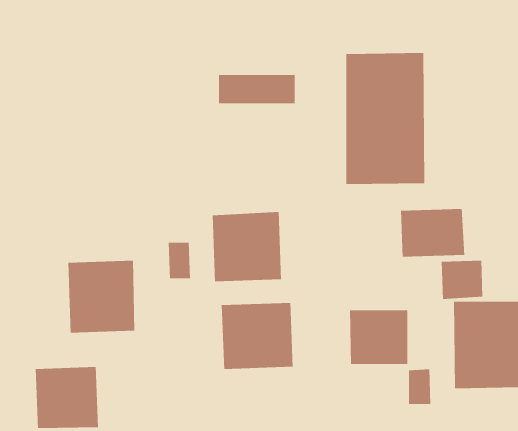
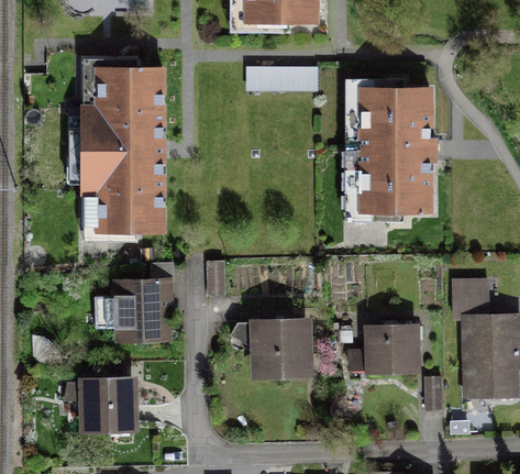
building: none -> [84,71,166,234]
building: [218,74,296,104] -> [243,67,313,95]
building: [400,208,465,257] -> none
building: [212,211,282,282] -> none

